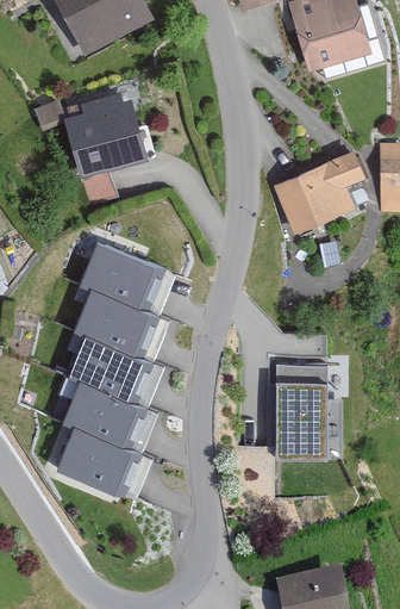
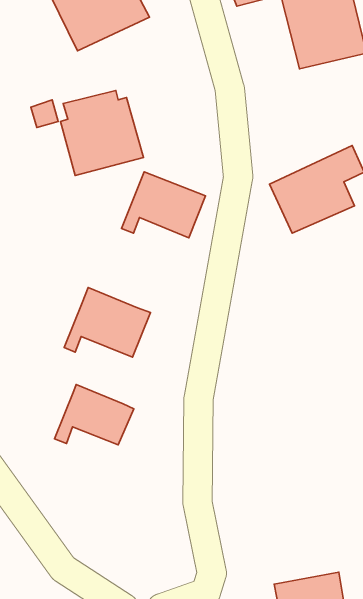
building: [75,242,158,307] -> [122,172,205,238]
building: [65,336,145,403] -> none
building: [277,361,330,461] -> none
building: [58,425,137,496] -> none

